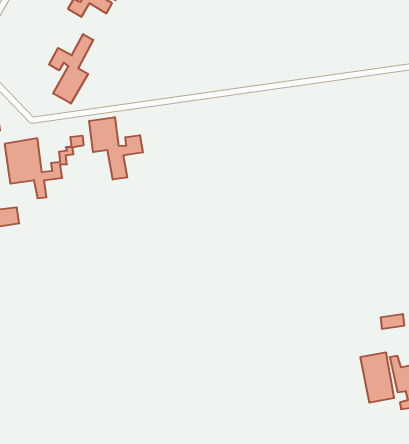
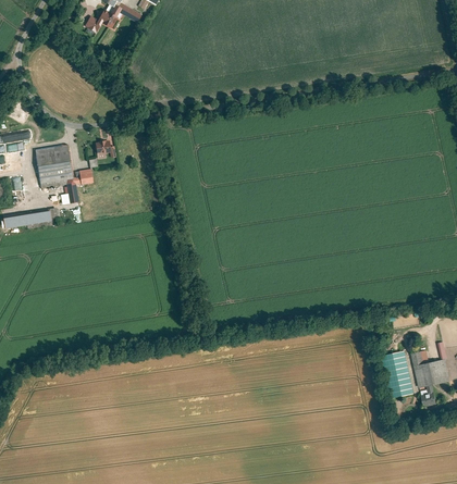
building: [49,34,93,104] -> none
building: [89,117,143,180] -> none

